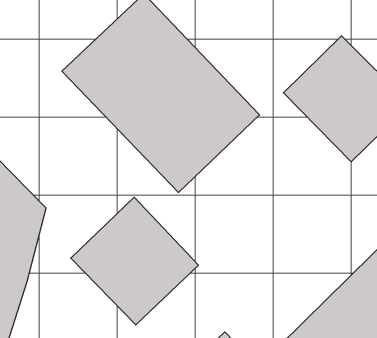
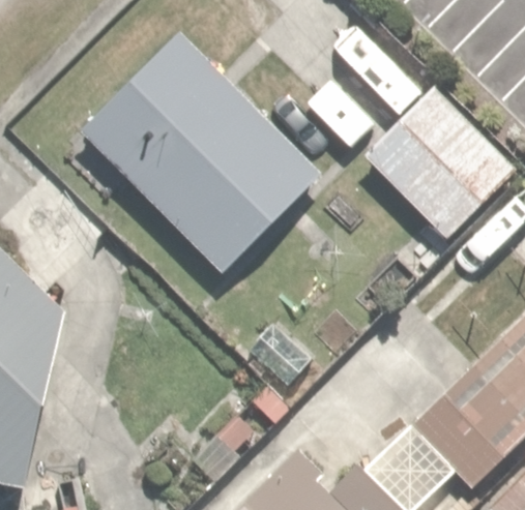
building: [71,197,198,325] -> none

